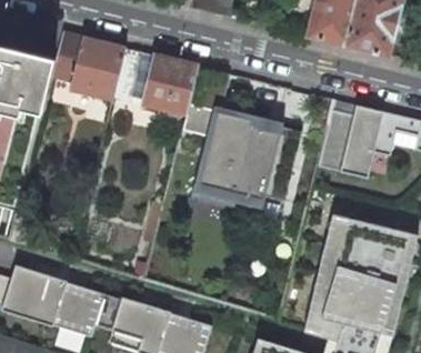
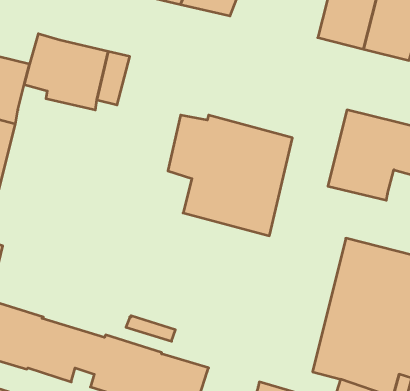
building: [142,57,197,114] -> none

